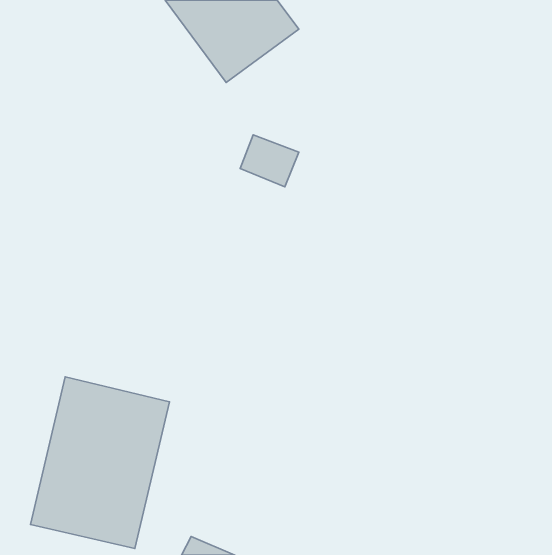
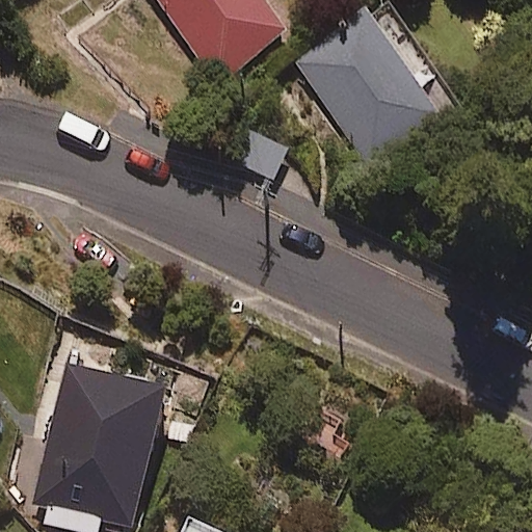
building: none -> [296,15,441,167]

